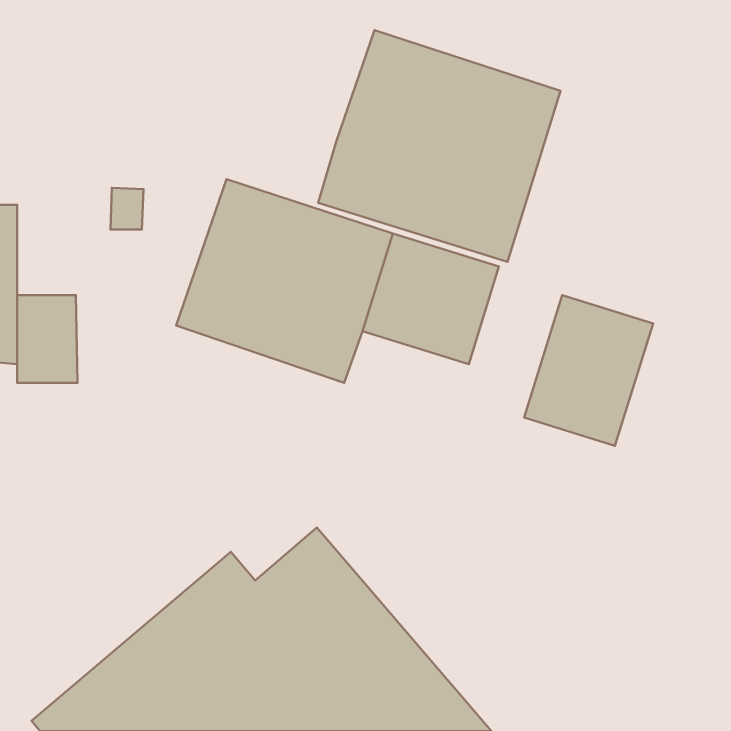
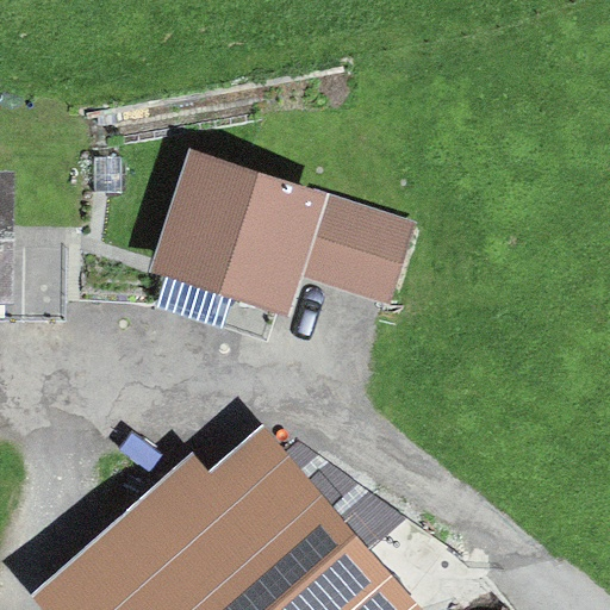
building: [318,30,560,262] -> none
building: [524,295,653,446] -> none

